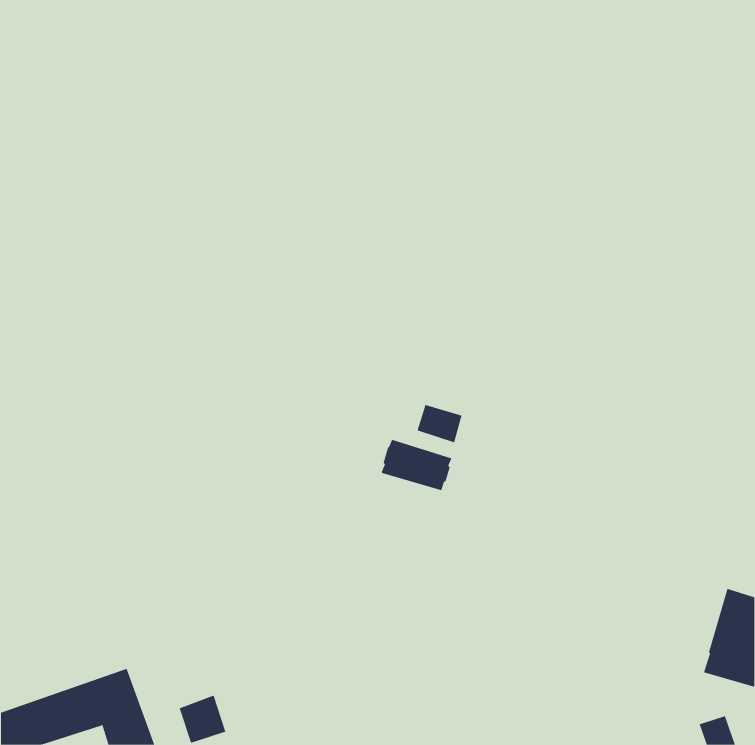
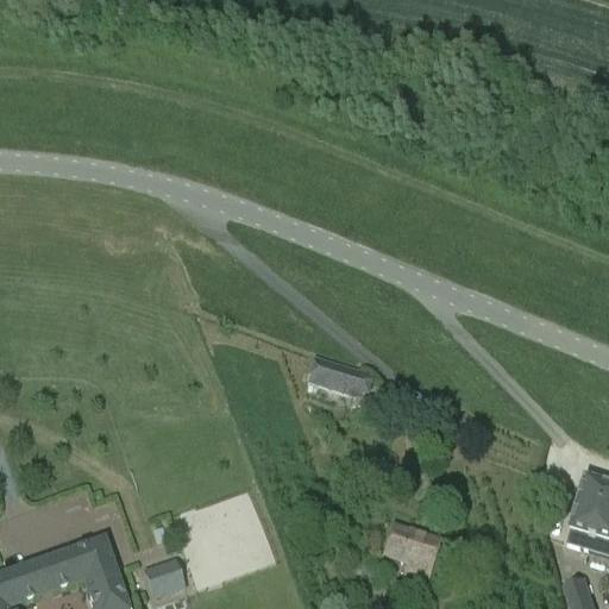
building: [417,404,462,443] -> none
building: none -> [385,523,439,573]

